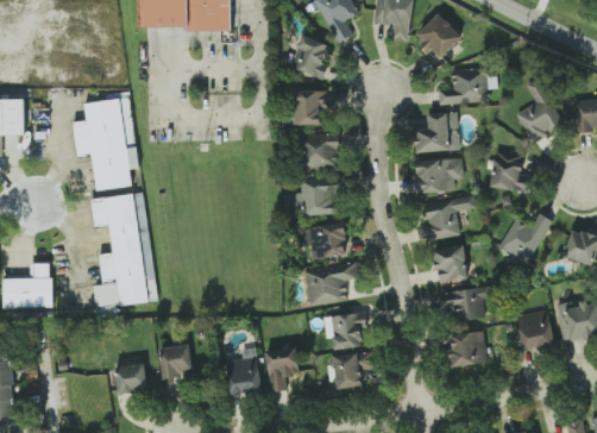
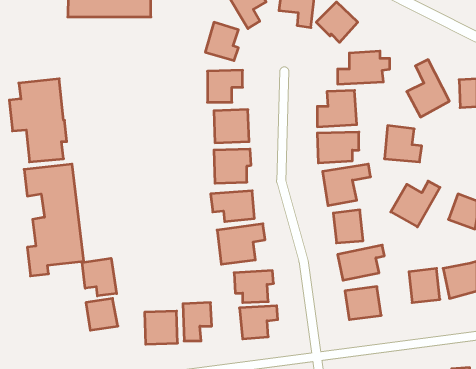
building: none -> [82,258,117,296]
building: [115,363,147,393] -> none

